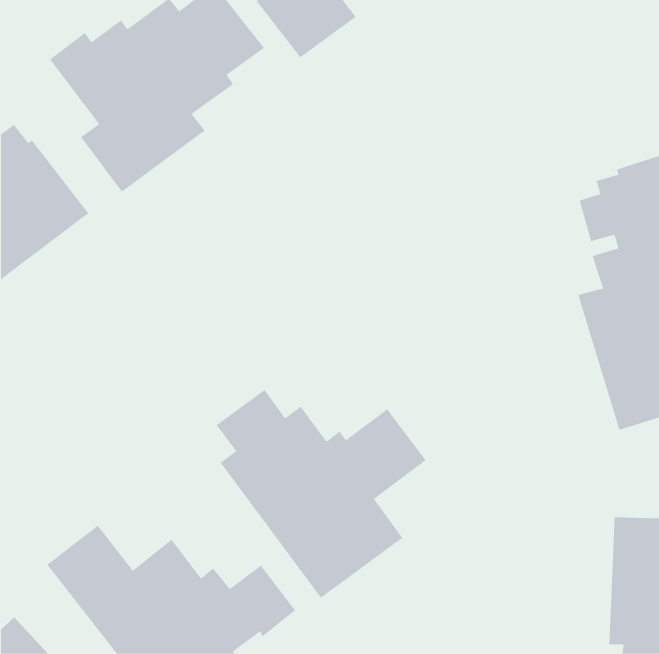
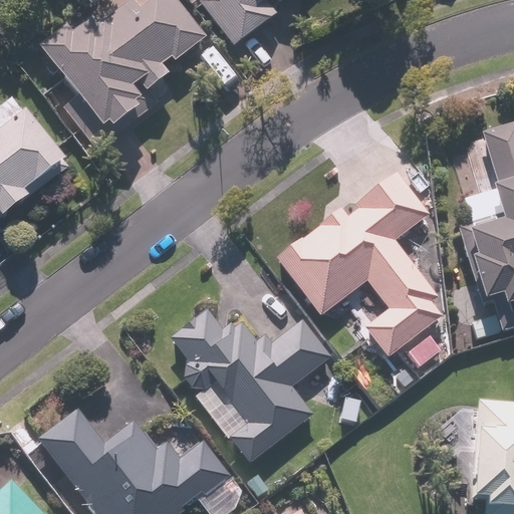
building: none -> [275,126,442,369]

